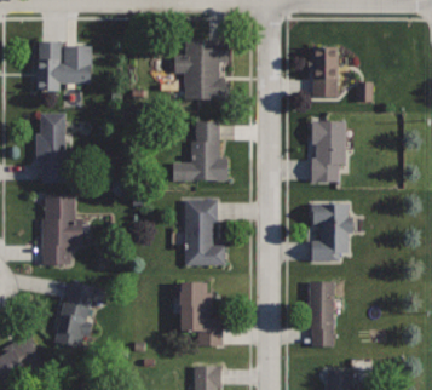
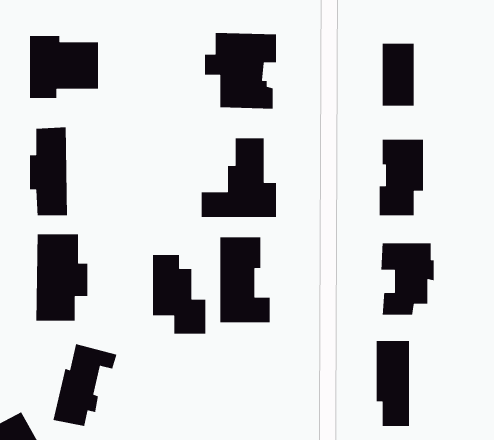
building: [180,282,223,345] -> [152,254,206,335]

